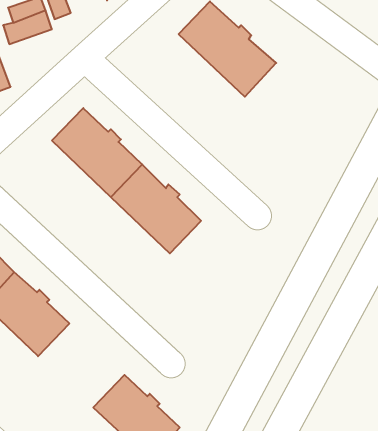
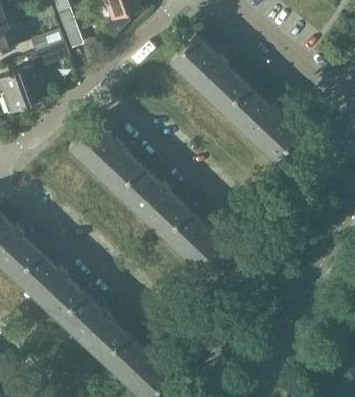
building: none -> [223,85,300,162]
building: none -> [163,211,236,282]
building: none -> [58,293,127,360]

